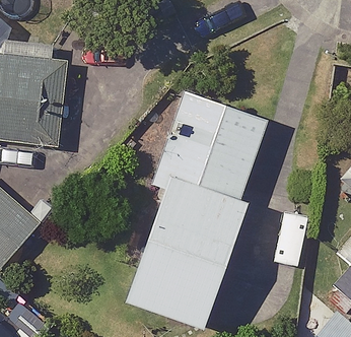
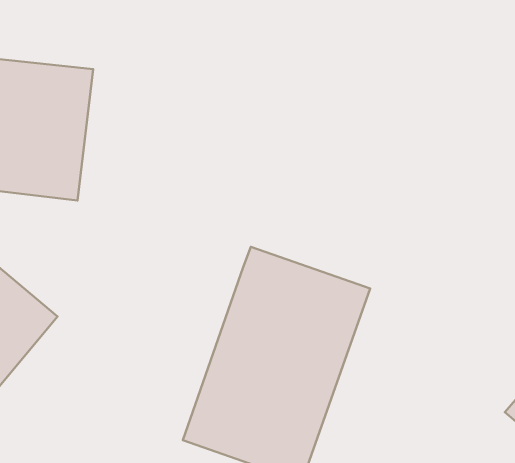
building: [150,91,267,200] -> none

